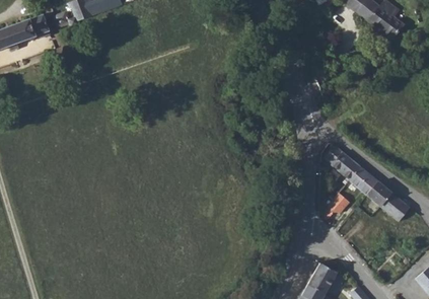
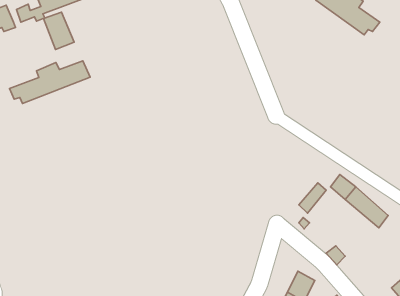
building: none -> [44,12,74,49]
building: none -> [10,61,90,103]
building: [332,151,368,185] -> none

